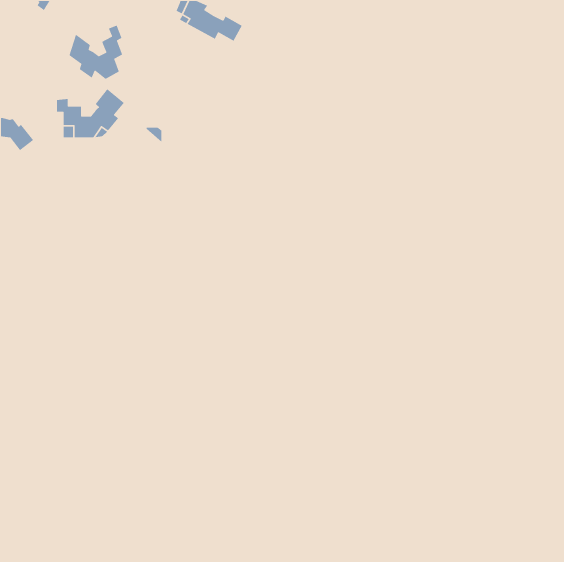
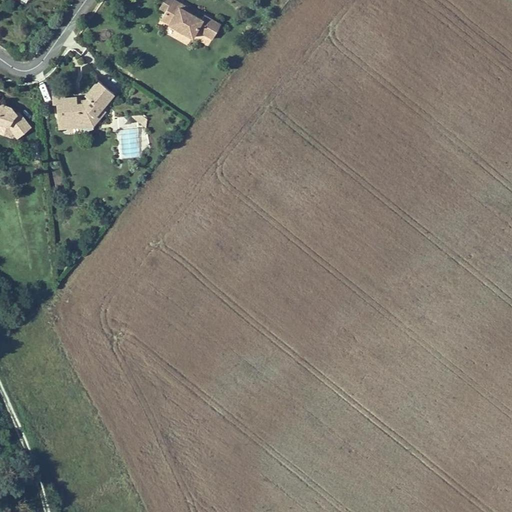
building: [68,24,123,80] -> none

